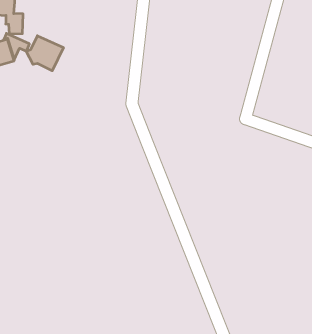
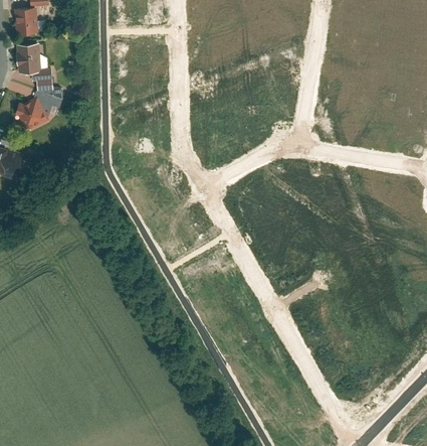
building: [26,36,63,71] -> none

